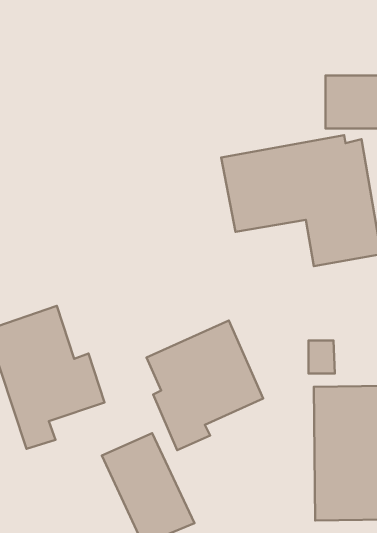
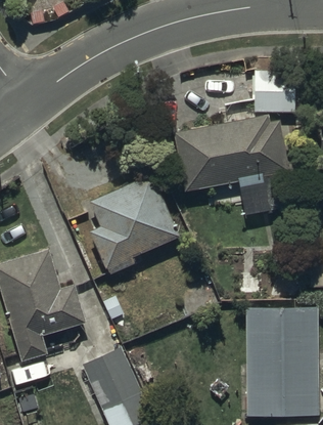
building: [147,320,263,450] -> [89,173,179,273]

